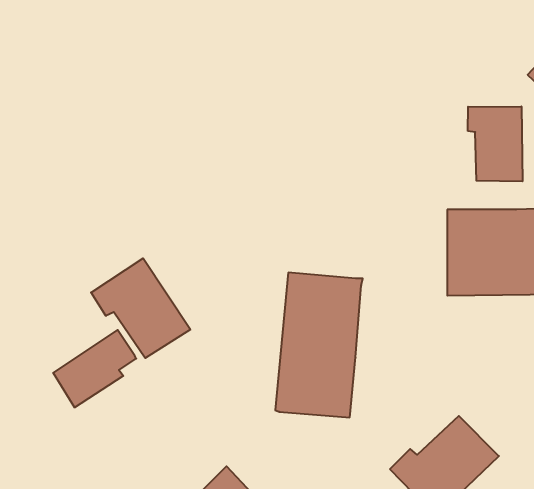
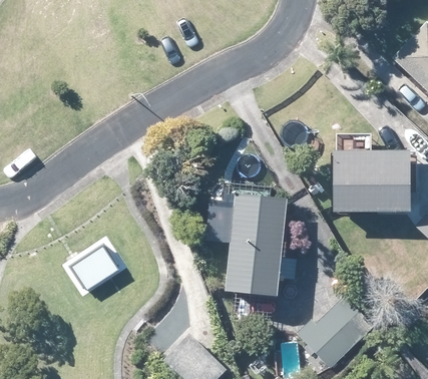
building: [468,106,522,181] -> none
building: [91,258,190,358] -> none

